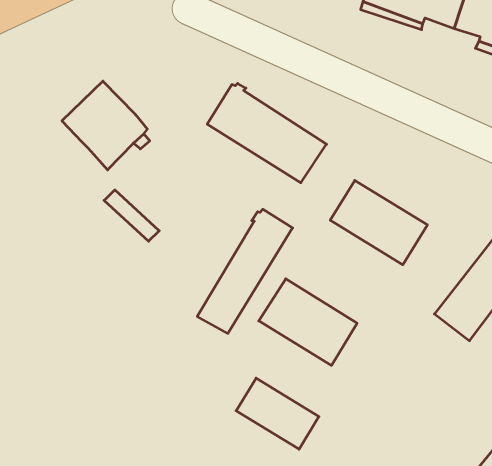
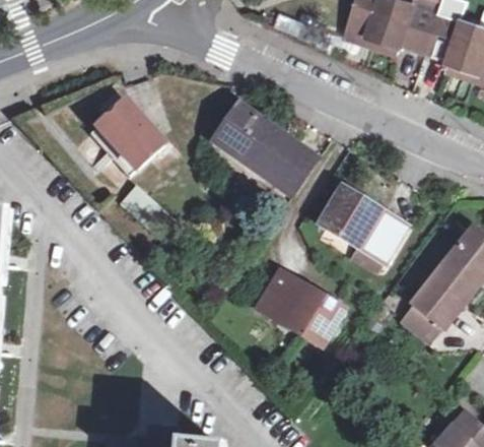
building: [197,209,293,333] -> none
building: none -> [396,302,440,345]
building: [236,378,319,449] -> none

